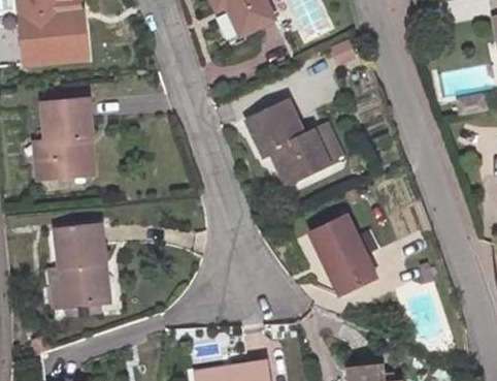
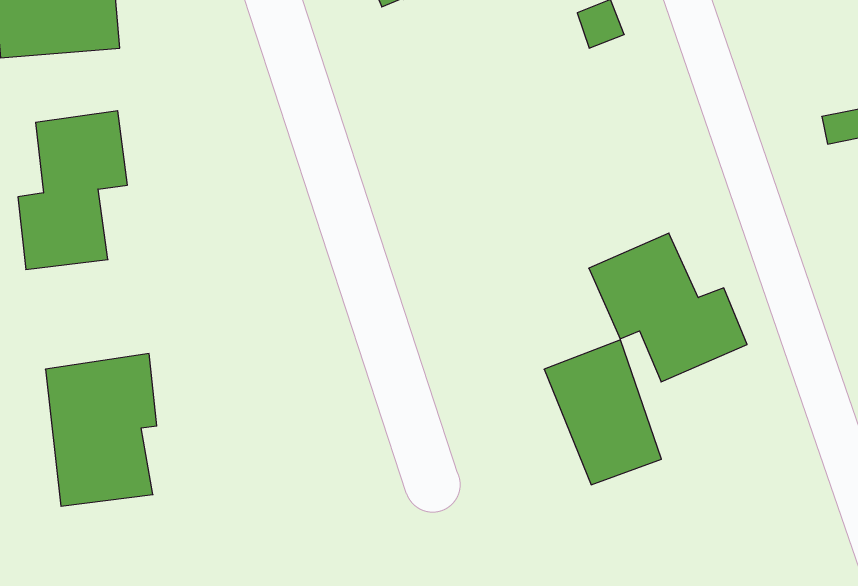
building: [248,101,332,180] -> [589,233,747,382]

